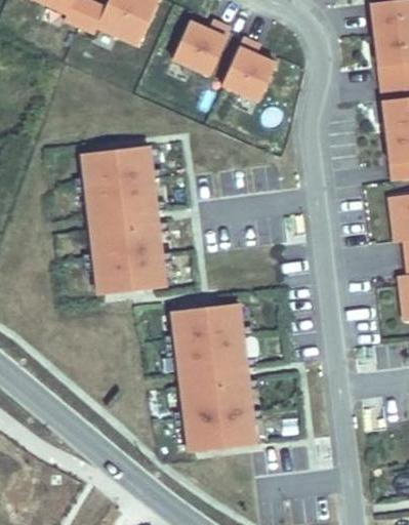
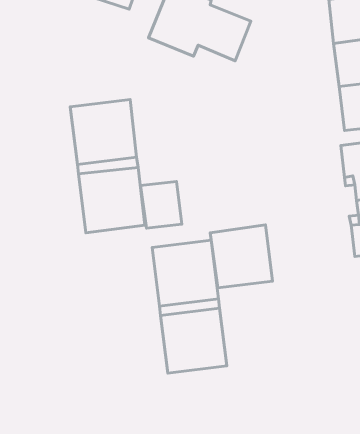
building: none -> [140,182,182,228]
building: none -> [210,225,272,288]

